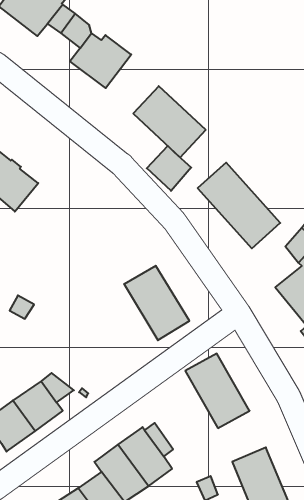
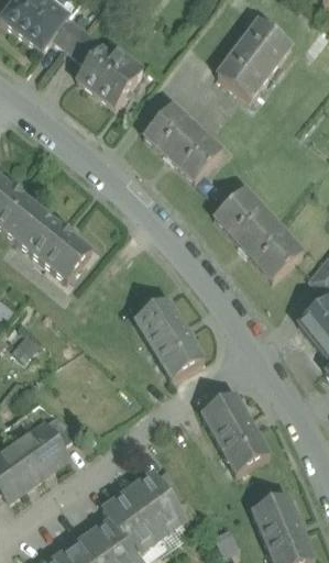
building: none -> [217,19,292,98]
building: [147,146,191,191] -> none
building: none -> [17,209,91,280]

